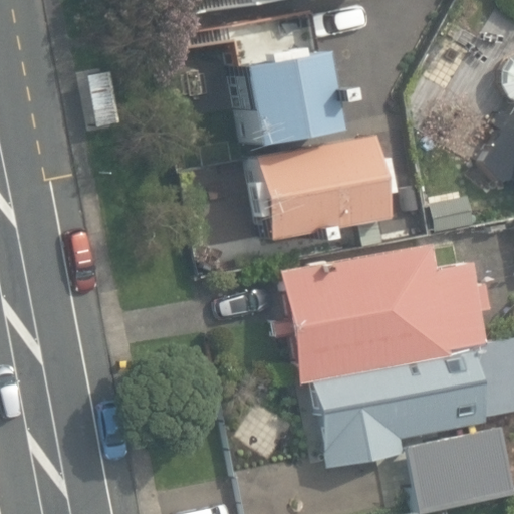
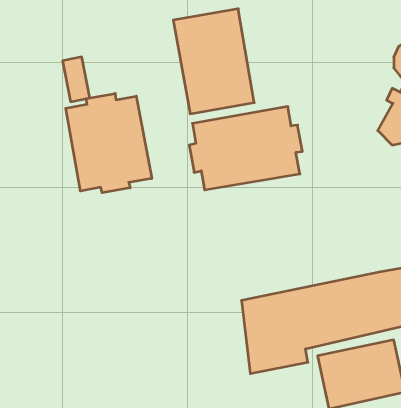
building: none -> [66,93,152,193]
building: [280,246,493,380] -> none

